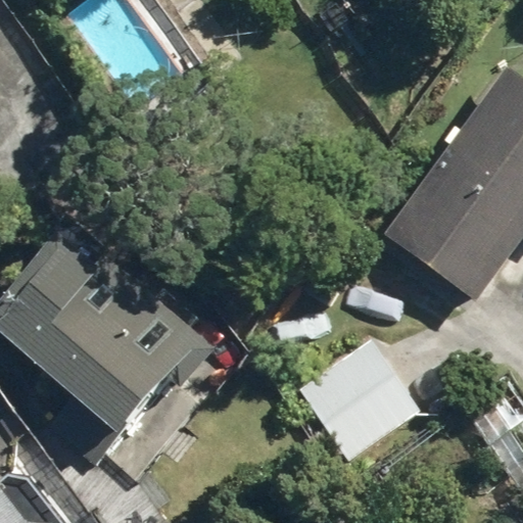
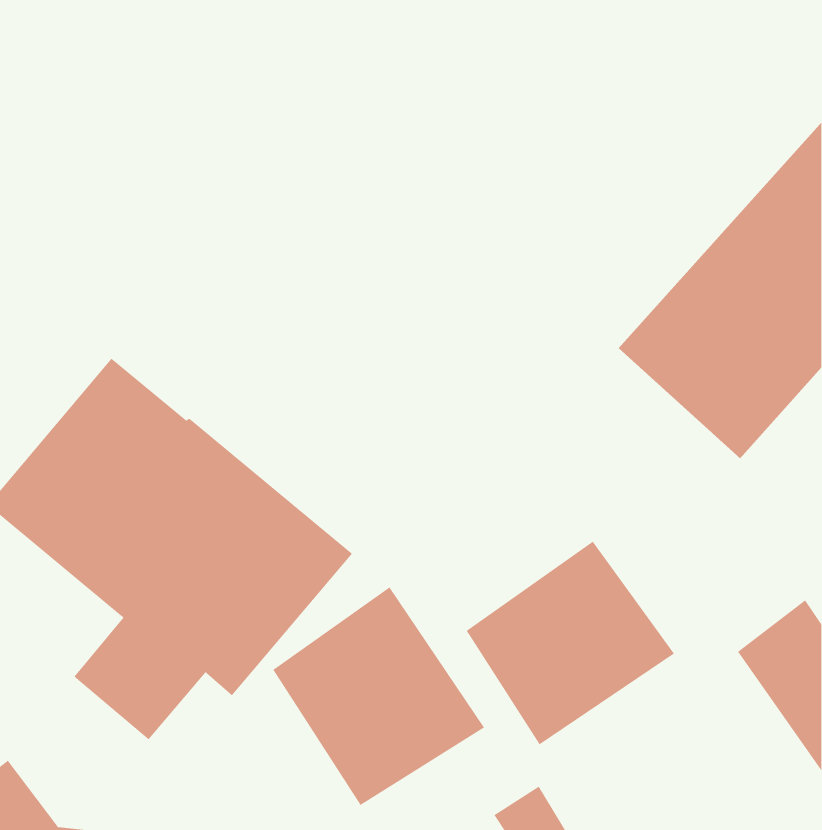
building: none -> [273,587,485,806]

